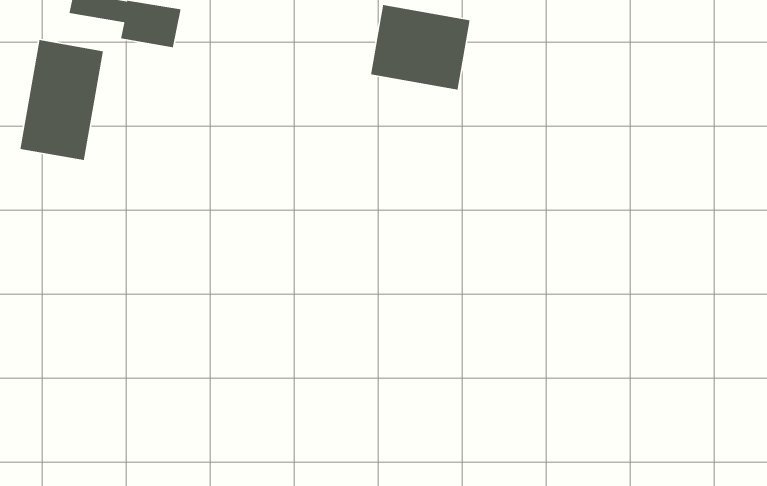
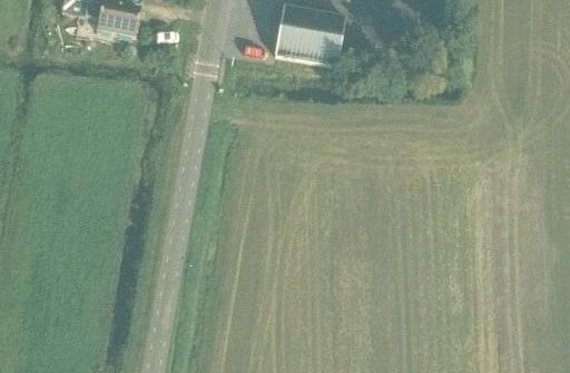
building: [19,39,104,161] -> none

